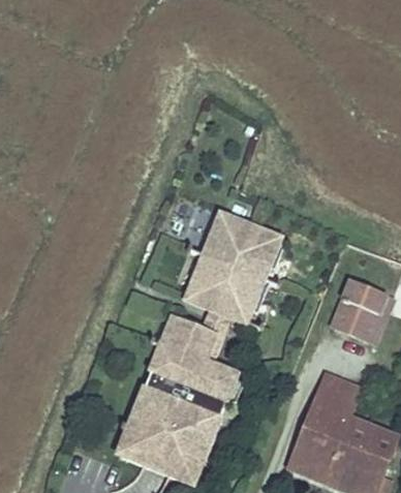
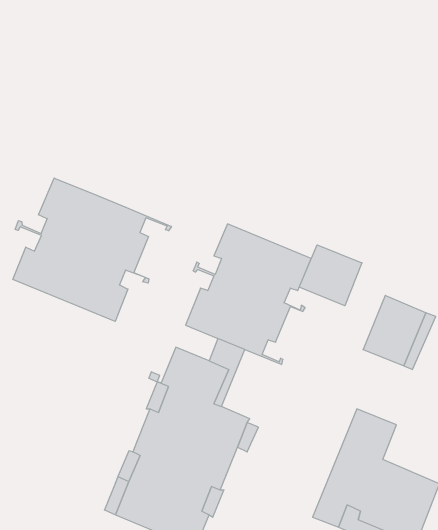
building: none -> [13,178,171,321]
building: none -> [299,245,362,306]

